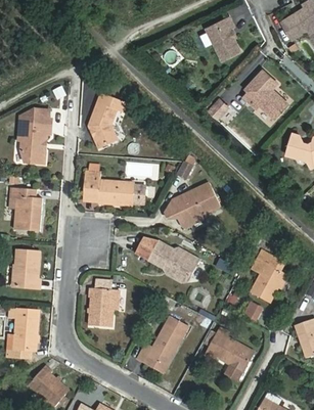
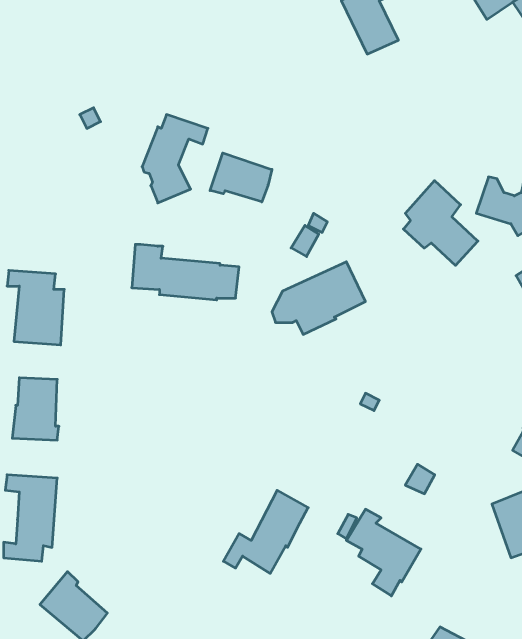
building: [242,67,286,118] -> [403,181,478,265]
building: [17,109,50,164] -> none
building: none -> [210,153,272,202]
building: [135,238,208,279] -> none
building: [250,262,285,303] -> none
building: [87,287,119,326] -> none

